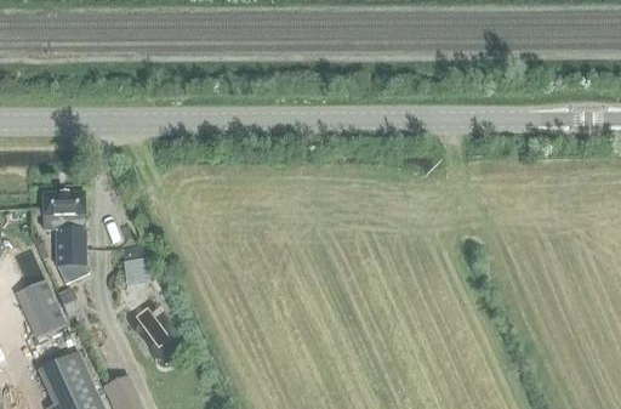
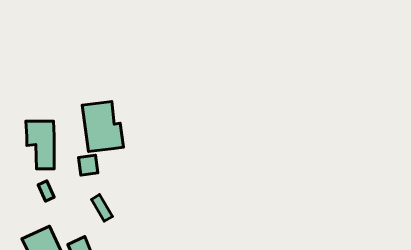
building: none -> [82,101,123,151]
building: [23,295,65,340] -> none

